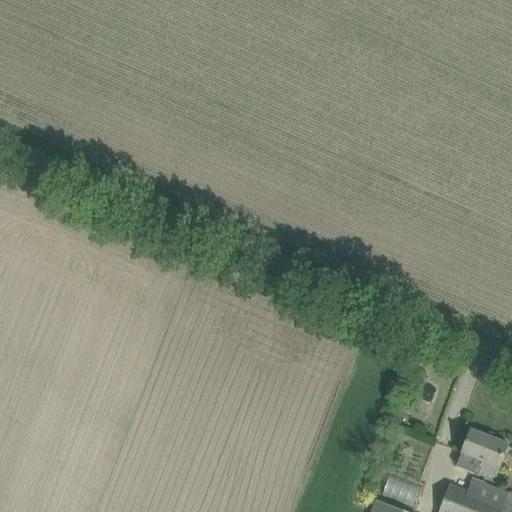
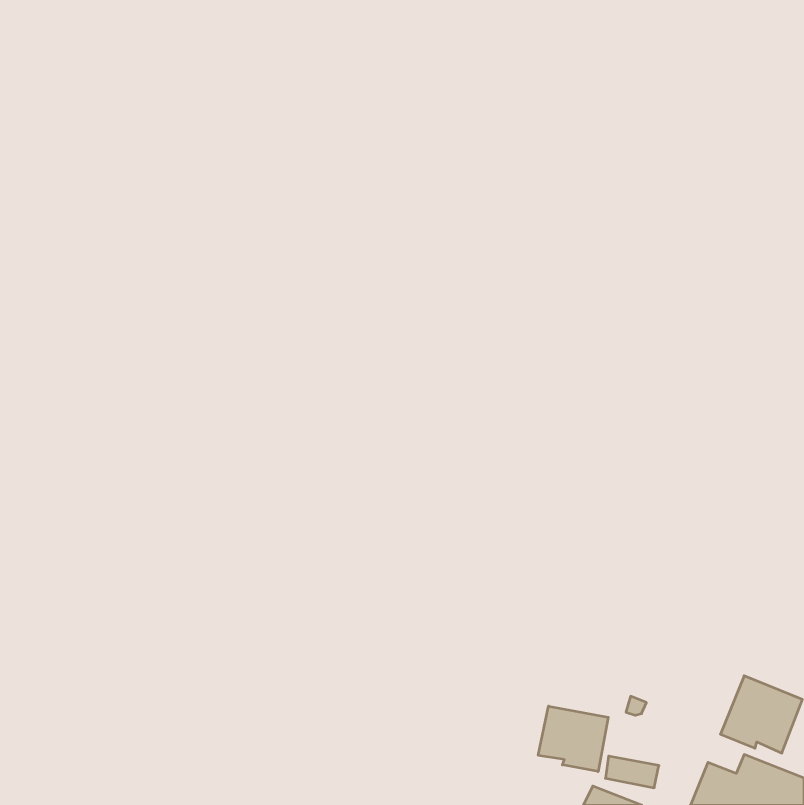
building: none -> [538,706,608,772]

